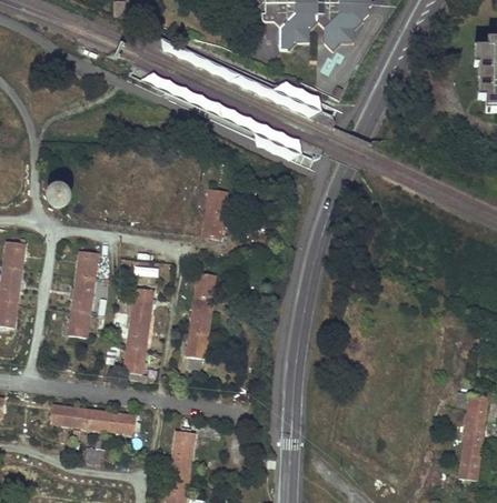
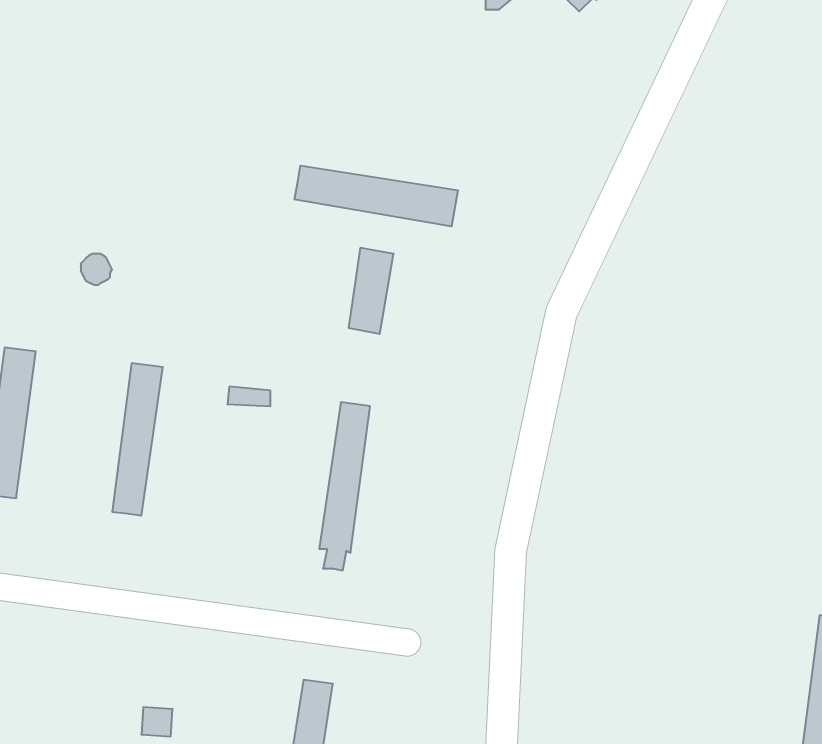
building: none -> [295,166,458,226]
building: [123,288,152,379] -> none
building: [50,404,136,434] -> none

